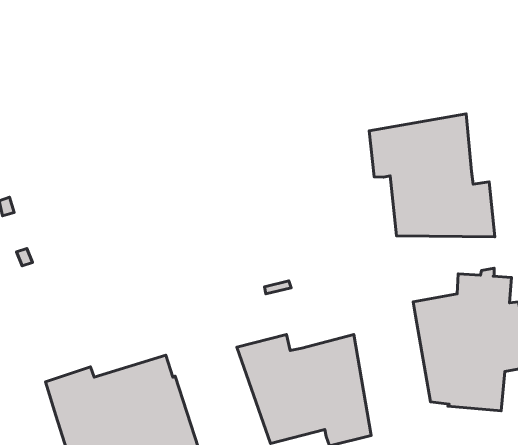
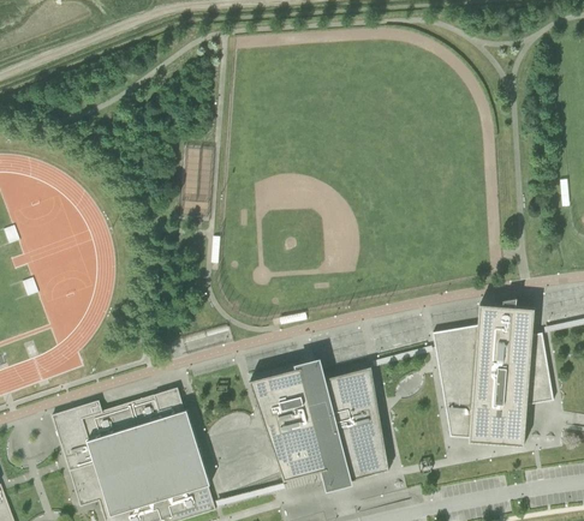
building: [369,114,495,237] -> none

